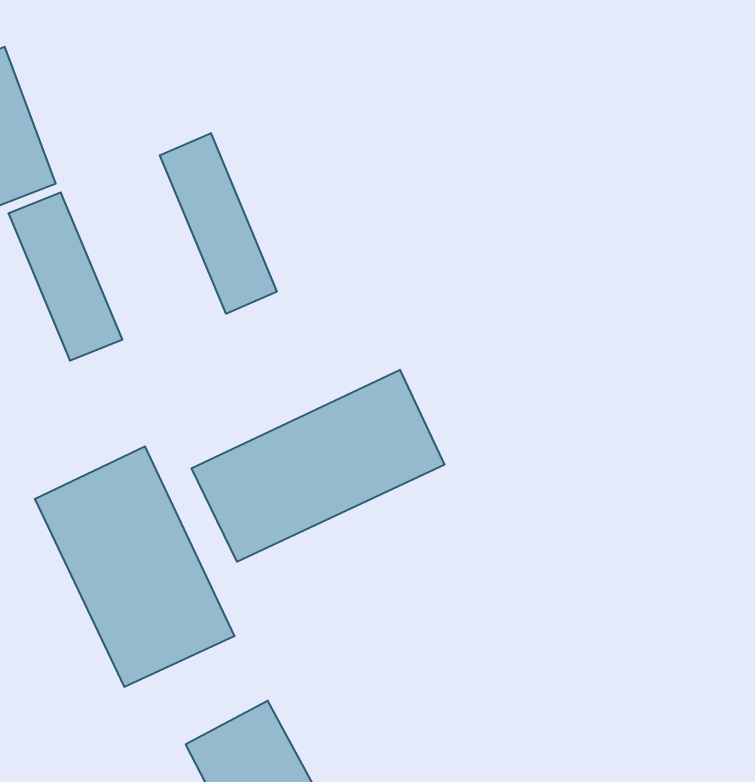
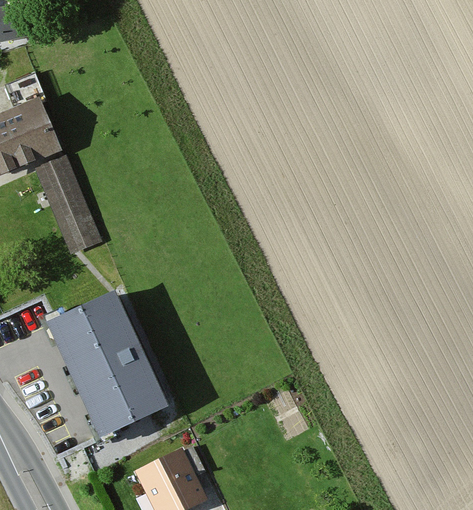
building: [160,133,277,314] -> none
building: [192,370,444,562] -> none

